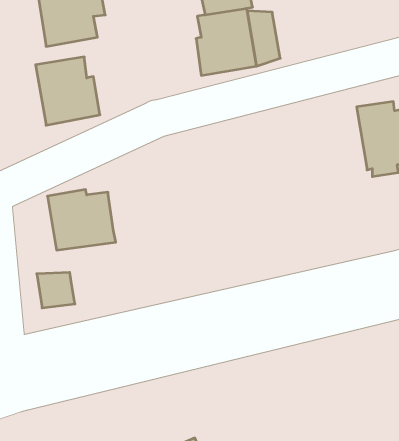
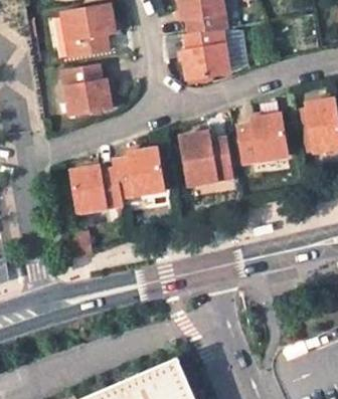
building: none -> [235,114,287,163]
building: none -> [179,132,231,185]
building: none -> [114,148,163,197]

